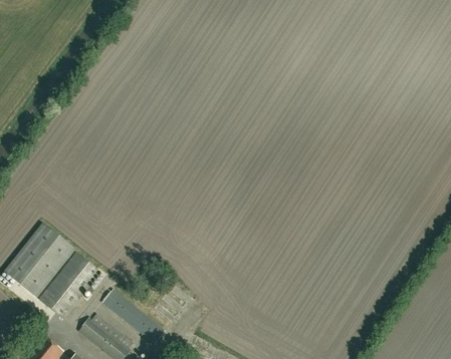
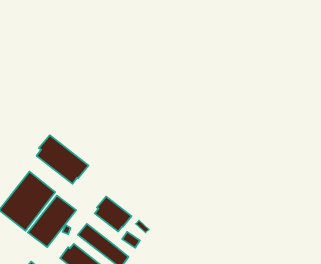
building: none -> [37,135,89,184]
building: none -> [95,196,131,232]

